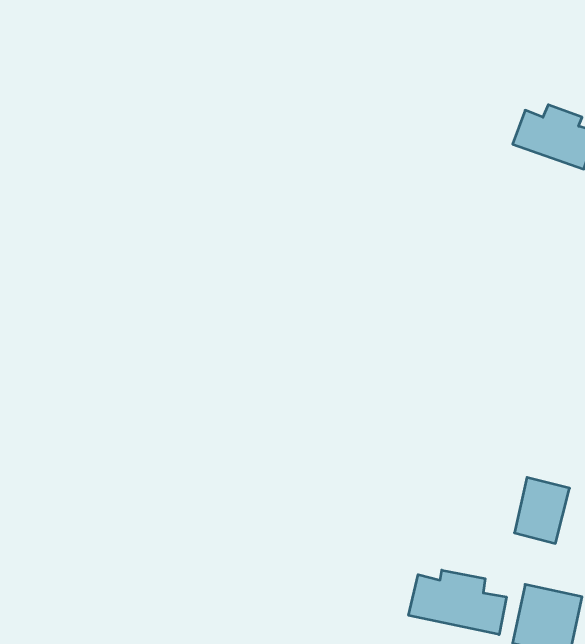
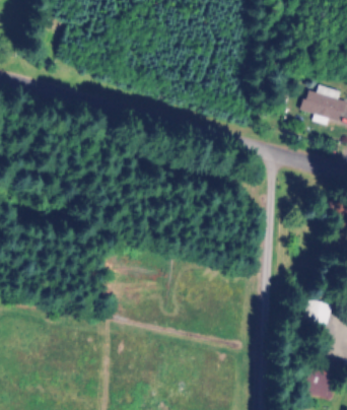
building: [409,570,506,635] -> none

